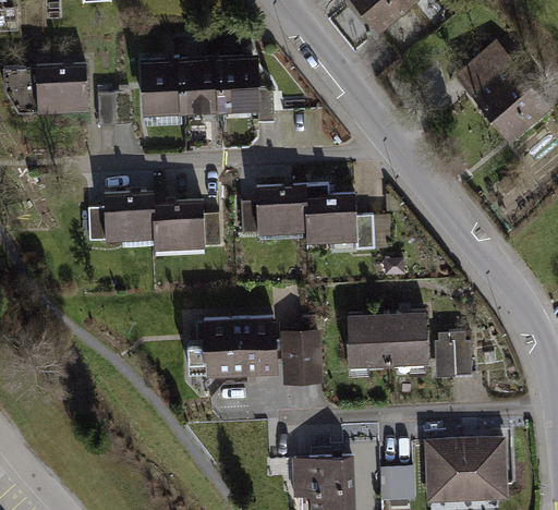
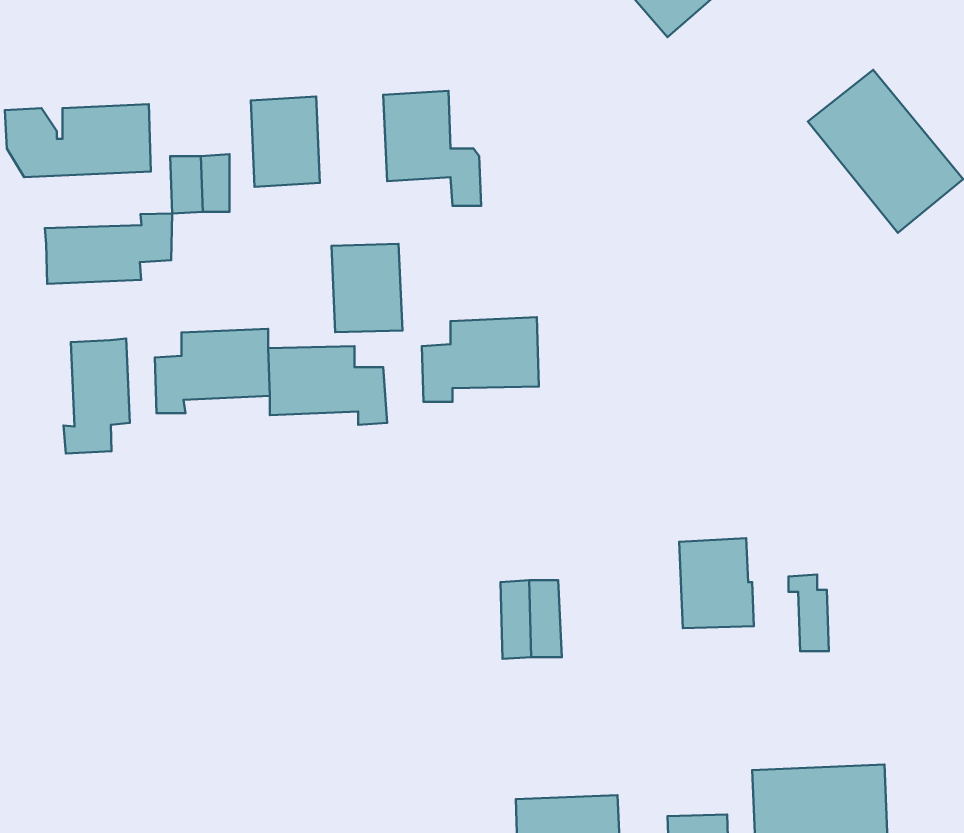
building: [180,60,220,110] -> [331,244,402,332]
building: none -> [45,214,172,284]
building: [305,186,373,250] -> none
building: none -> [63,339,130,454]
building: [347,314,388,365] -> none
building: [187,318,276,373] -> none

